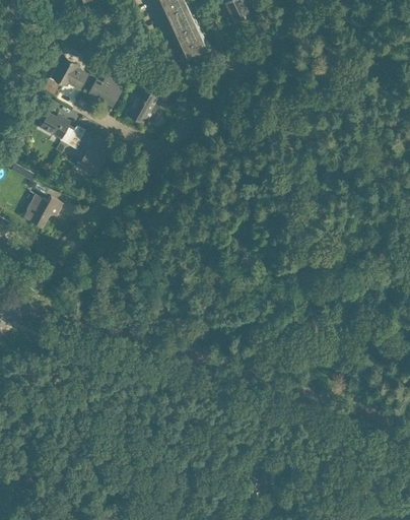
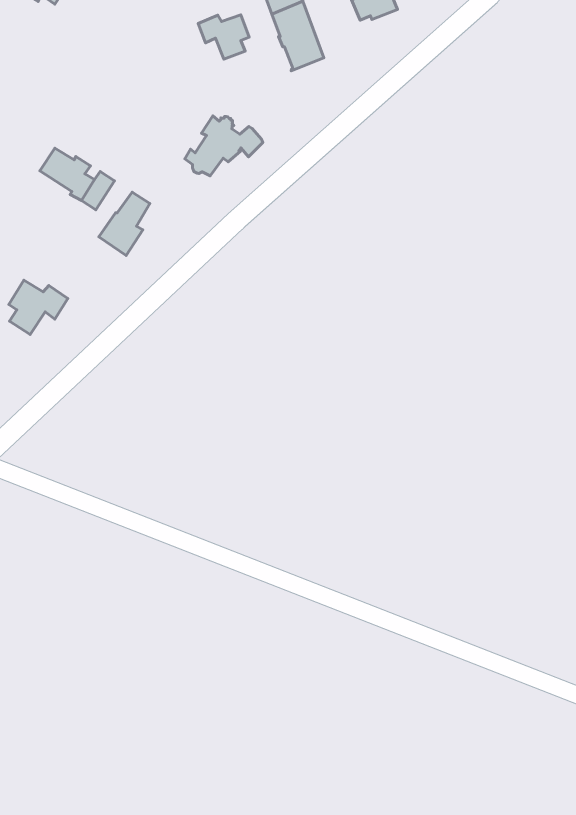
building: none -> [198,15,249,59]
building: [50,57,85,88] -> none
building: [86,76,122,104] -> none

